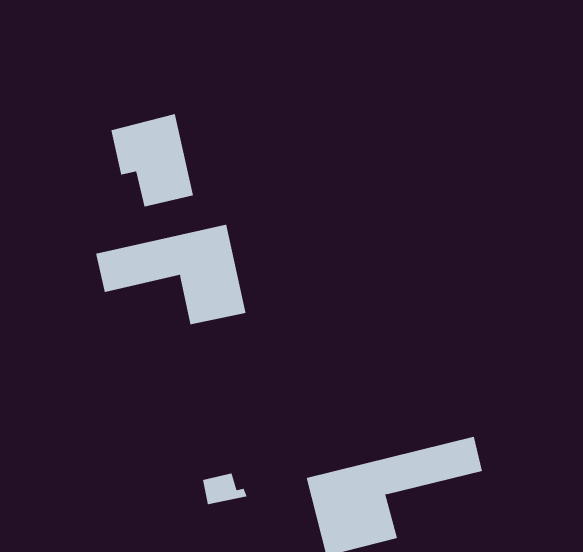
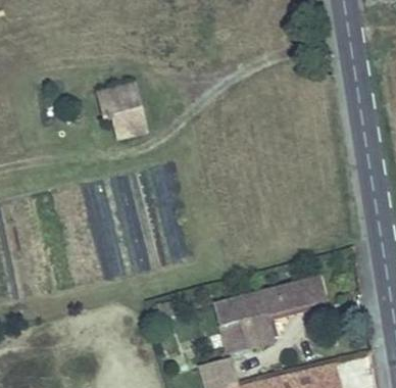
building: [95,224,246,325] -> none

